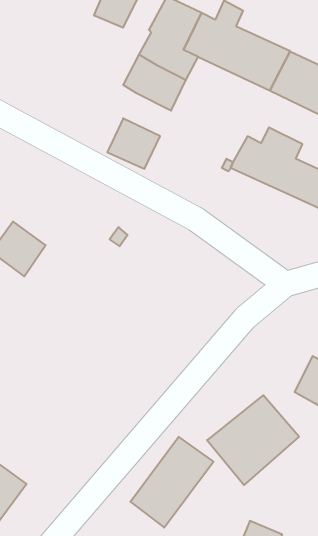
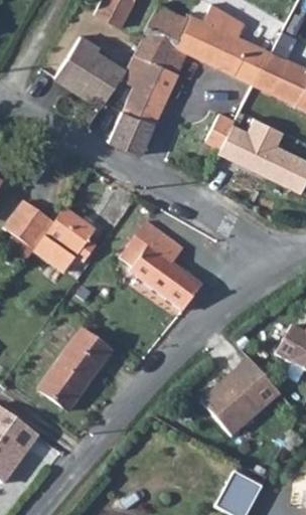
building: none -> [55,36,126,107]
building: none -> [122,85,165,125]
building: none -> [34,207,95,273]
building: none -> [130,221,200,311]
building: [130,437,213,528] -> [36,330,111,411]

